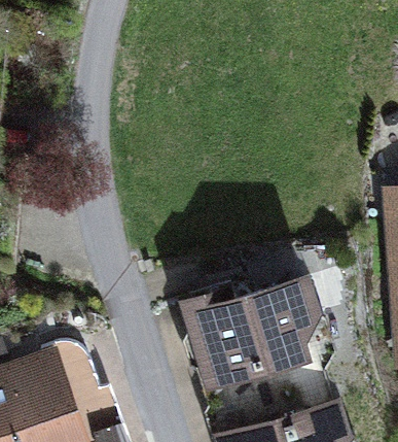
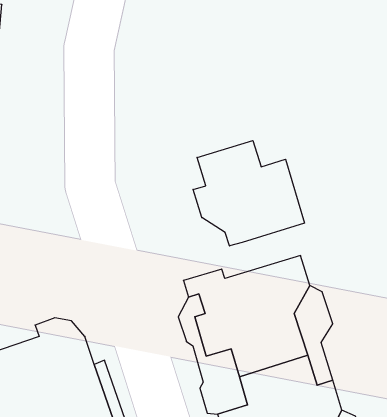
building: none -> [193,141,304,246]

